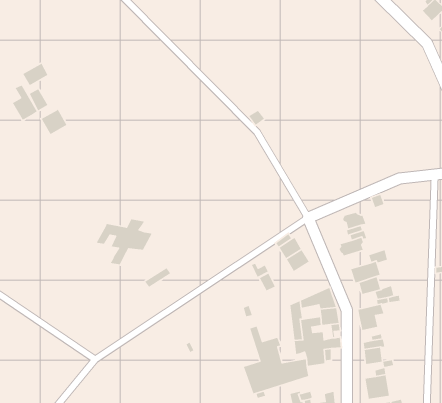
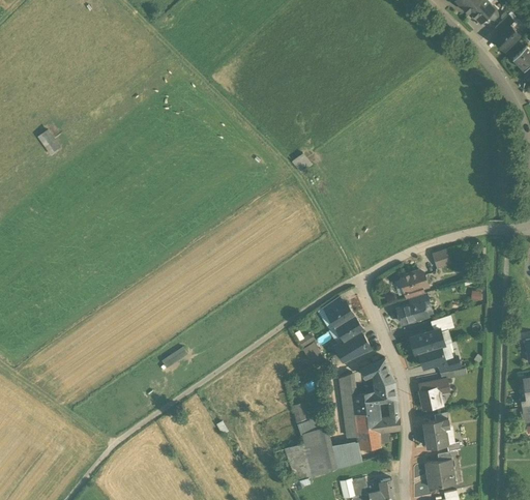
building: [22,62,49,86] -> none
building: [12,84,38,121] -> none
building: [41,109,67,135] -> none
building: [96,219,153,265] -> none
building: none -> [333,330,371,361]

